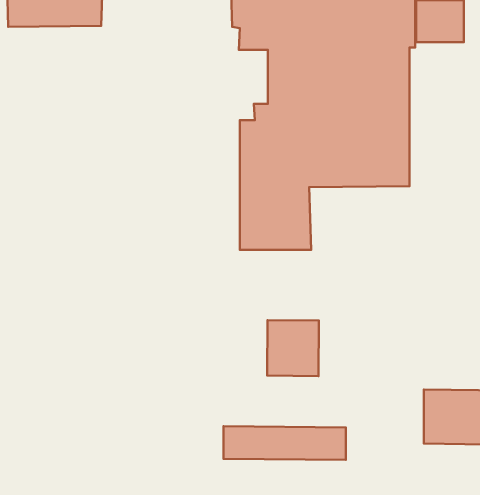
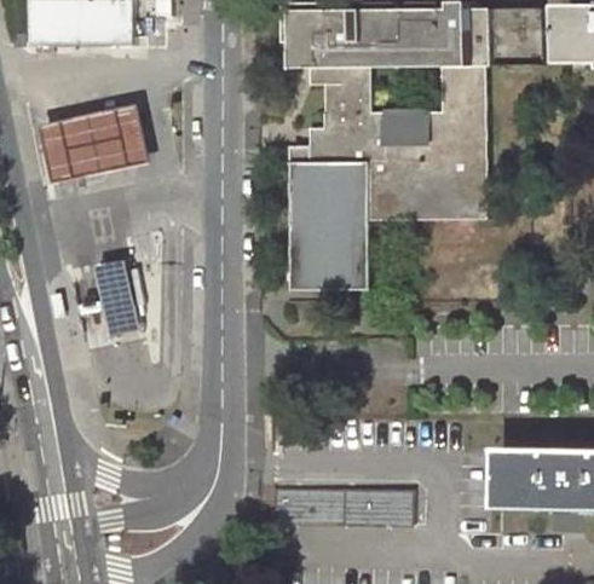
building: none -> [42,108,148,184]
building: none -> [93,260,143,337]
building: [267,320,319,376] -> none

